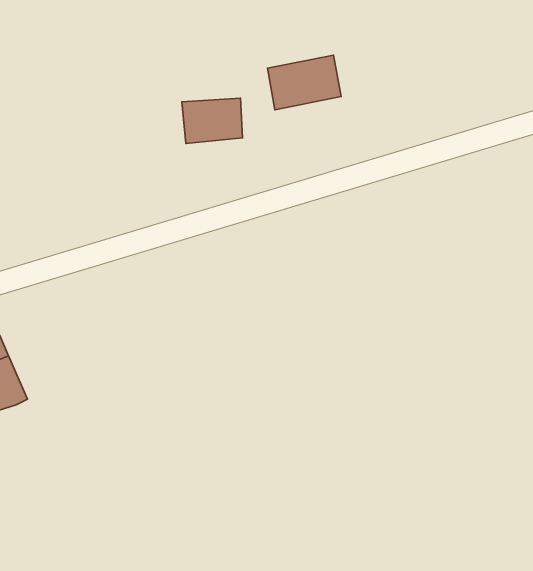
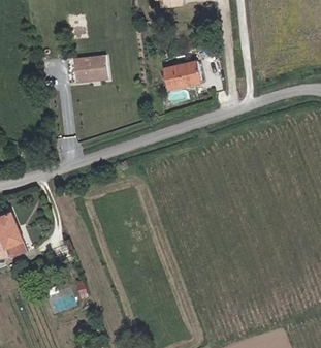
building: [182,98,242,143] -> [75,55,108,80]

